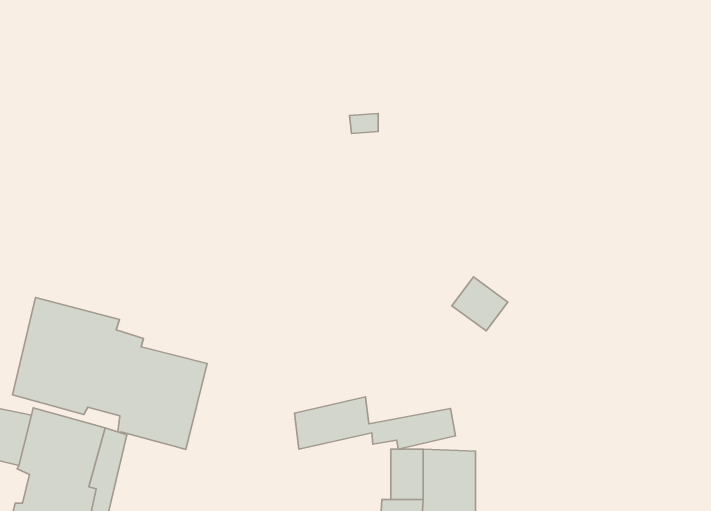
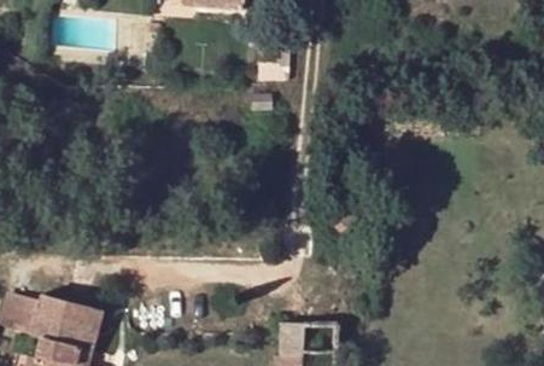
building: [12,298,207,449] -> none
building: [294,397,455,449] -> none

